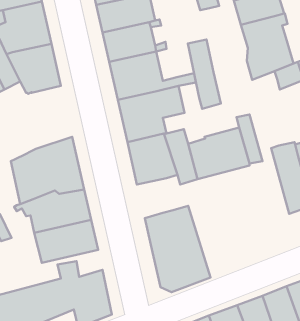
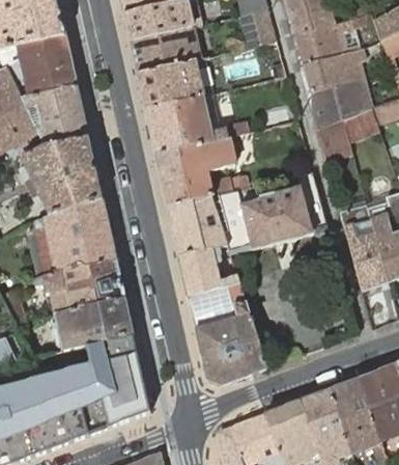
building: [188,40,221,109] -> none
building: none -> [316,118,351,158]
building: none -> [20,136,101,218]
building: none -> [178,247,222,295]

